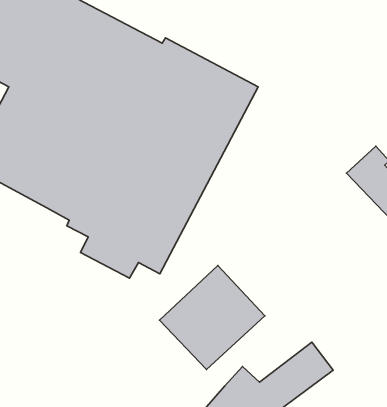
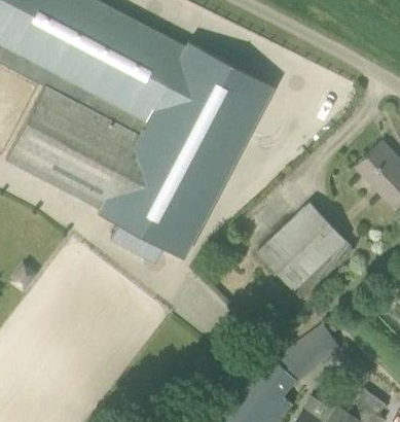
building: [160,265,265,369] -> [258,203,355,298]

